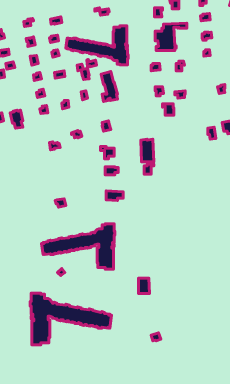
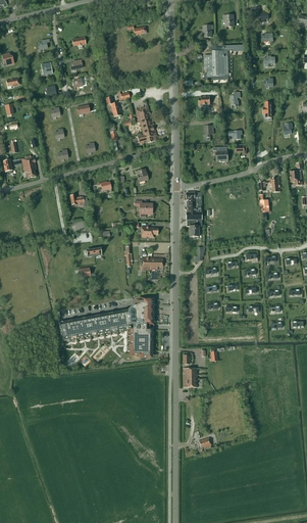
building: [66,26,128,65] -> none
building: [30,293,112,345] -> none

